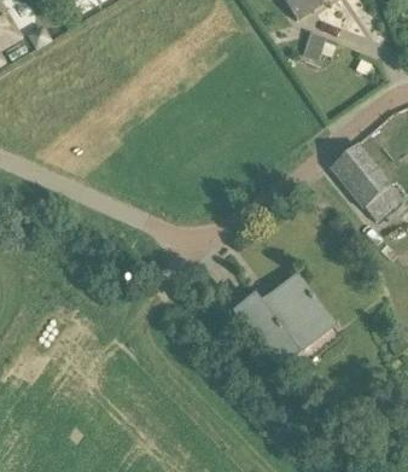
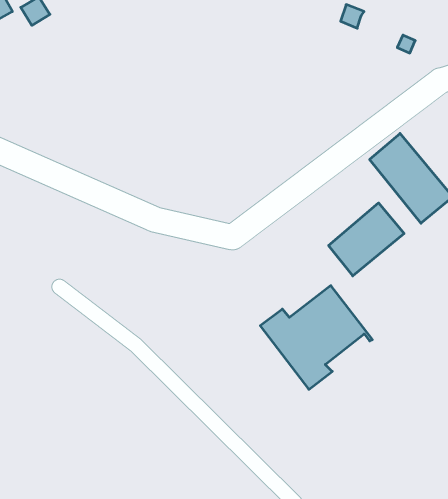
building: none -> [329,203,404,276]

